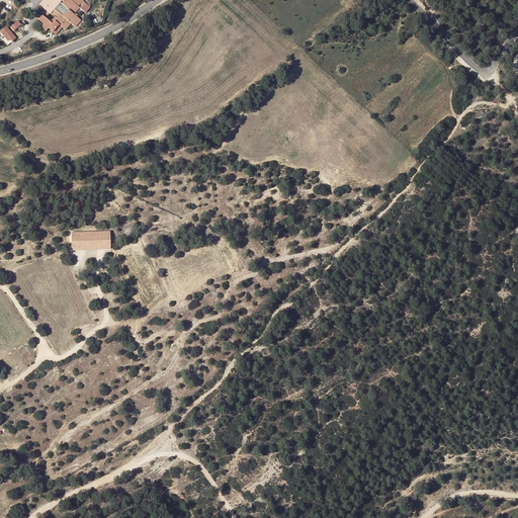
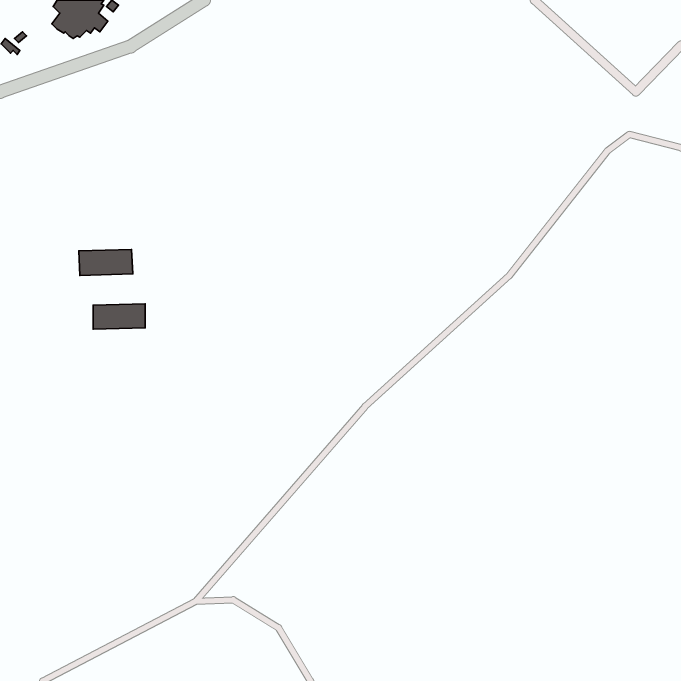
building: none -> [79,249,133,275]

